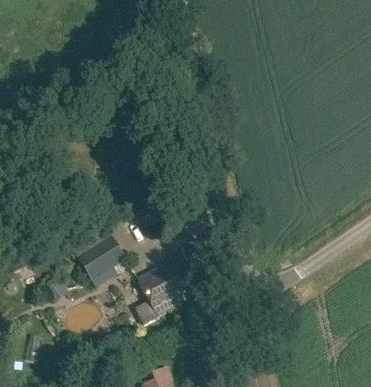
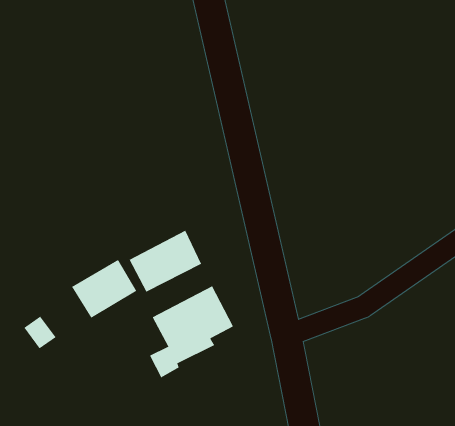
building: none -> [129,230,202,292]

